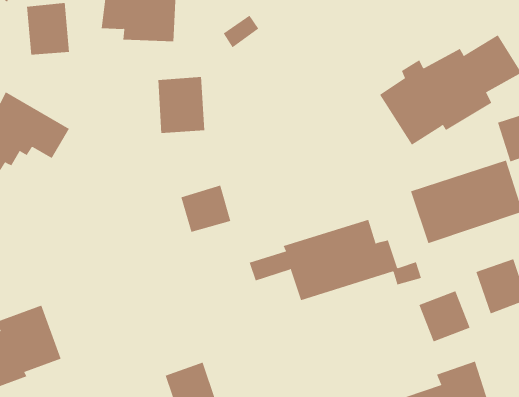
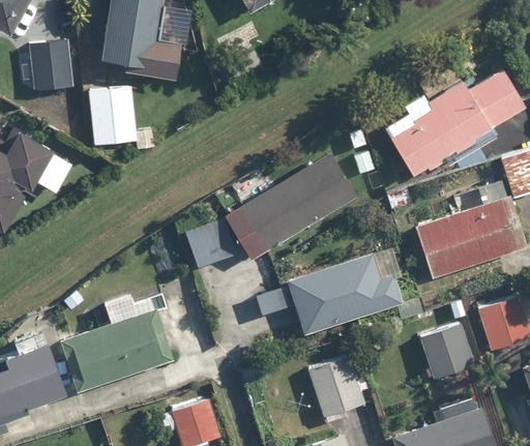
building: [157,77,205,134] -> [89,87,137,144]
building: none -> [226,151,358,261]
building: none -> [63,296,173,389]
building: none -> [308,353,366,419]

